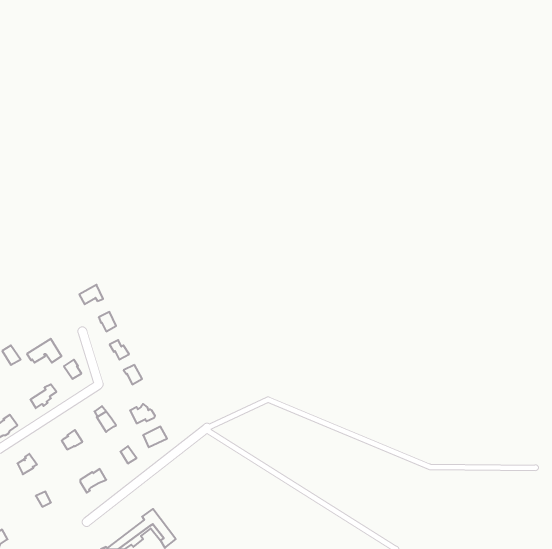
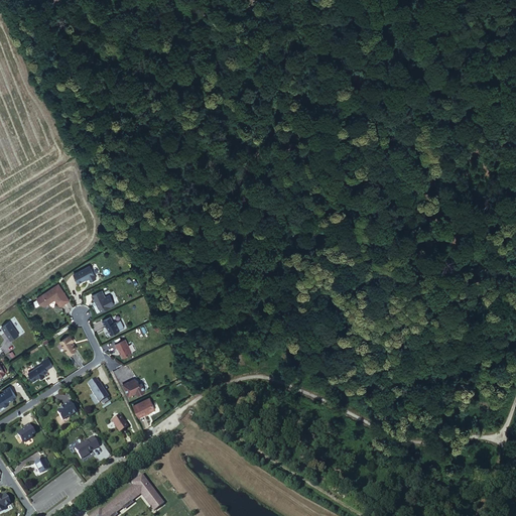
building: [27,339,62,363] -> [37,285,70,307]

